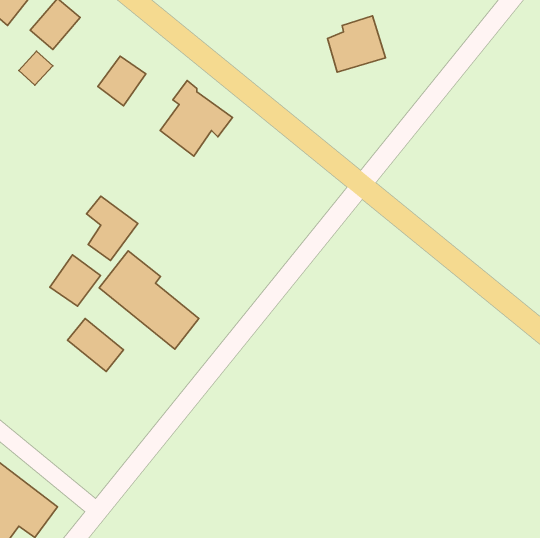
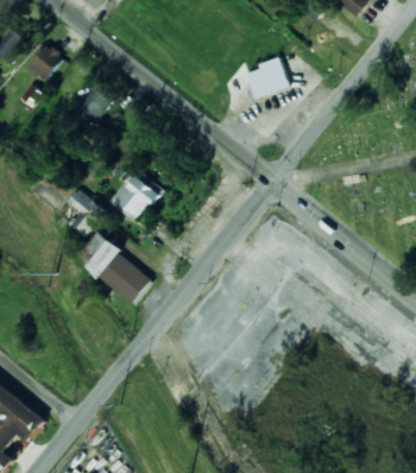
building: [160,80,232,156] -> [108,165,162,221]
building: [50,255,100,306] -> none
building: [68,319,124,372] -> none

